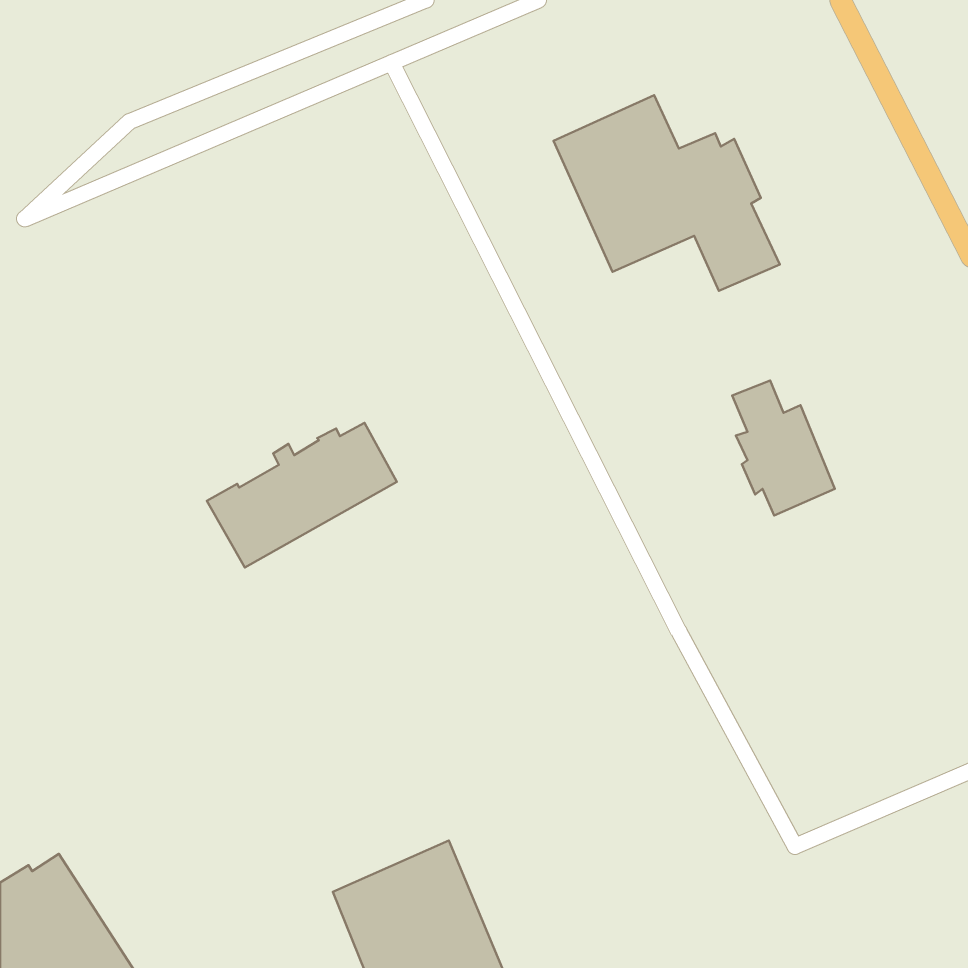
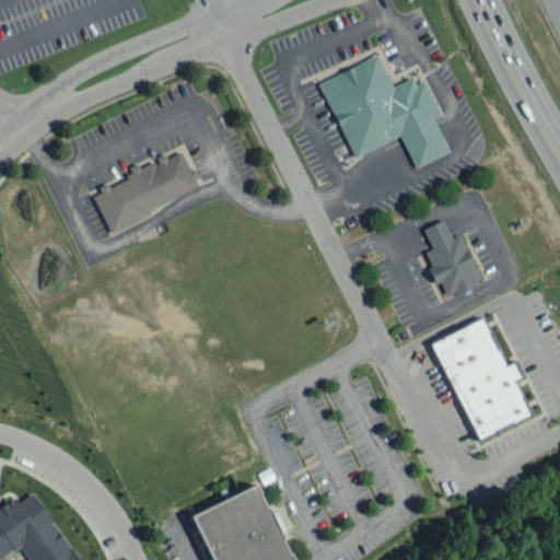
building: [207,423,397,567] -> [92,151,201,234]
building: none -> [433,320,532,441]

